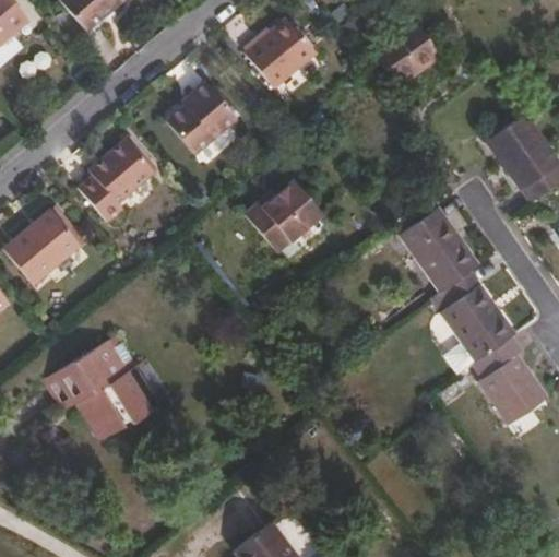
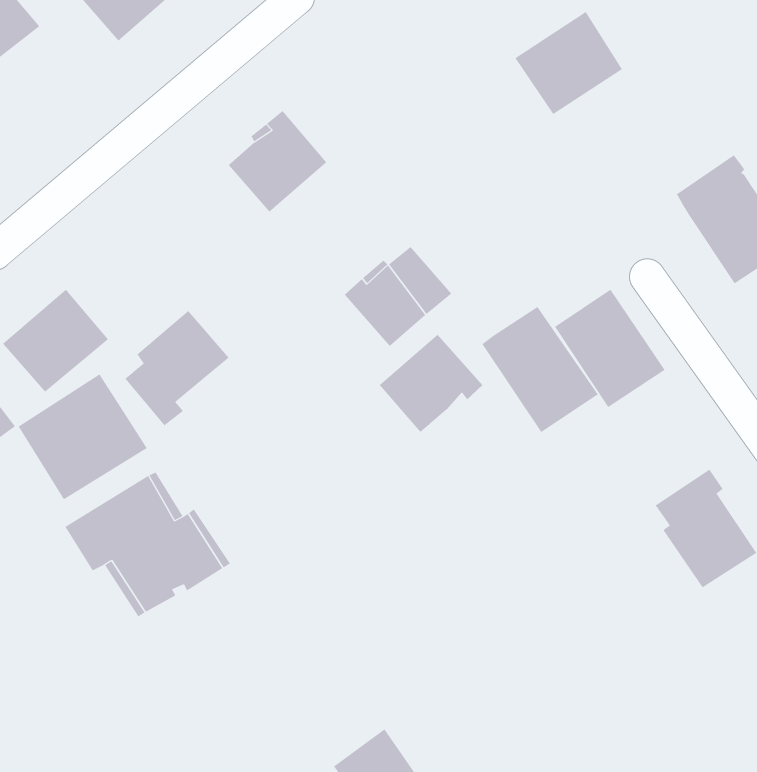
building: [246,19,316,87] -> none
building: [79,139,154,222] -> [124,310,230,426]
building: none -> [379,334,483,433]
building: none -> [18,373,147,500]
building: [429,273,513,364] -> [481,306,599,433]

